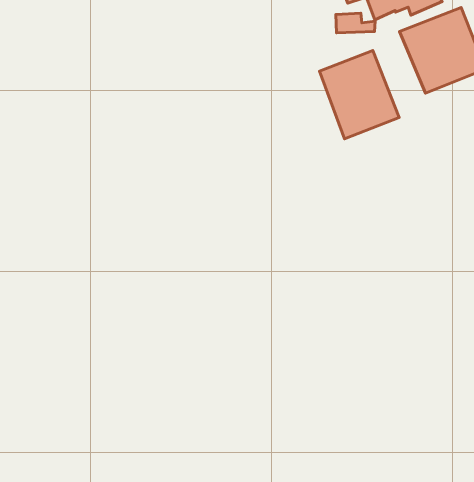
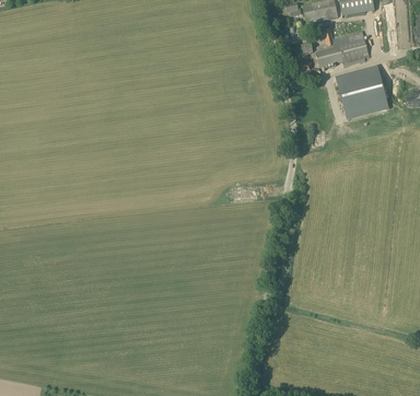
building: [319,51,399,139] -> none

